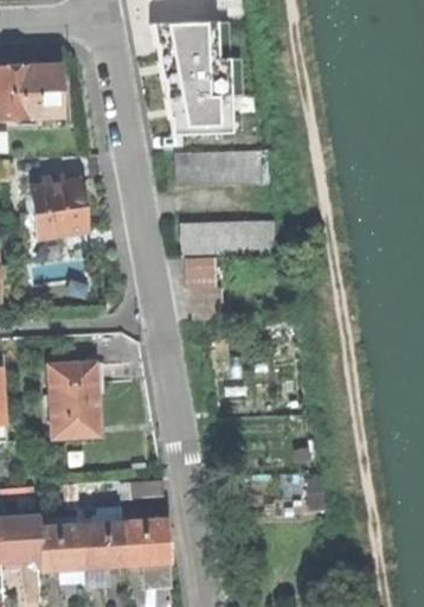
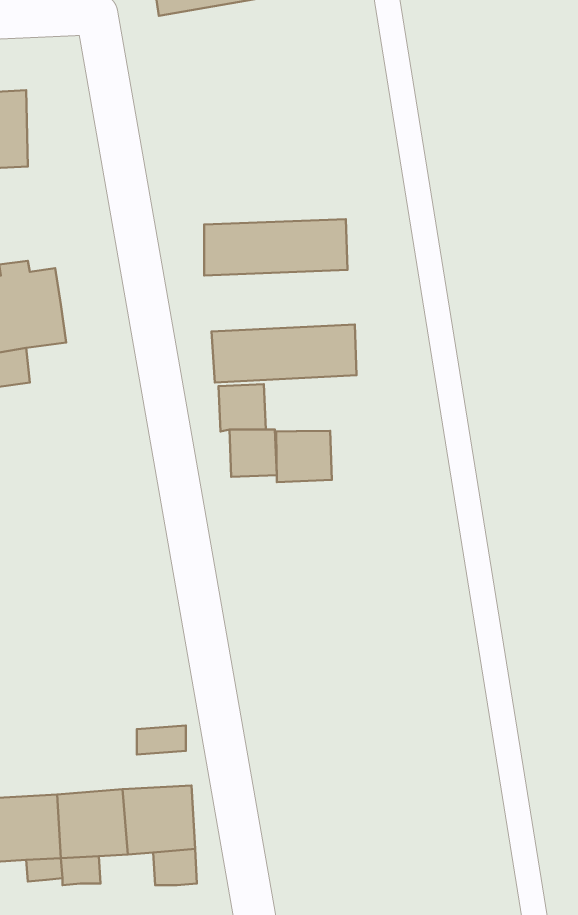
building: [158,15,243,134] -> none
building: none -> [276,431,332,482]
building: [50,363,98,435] -> none

